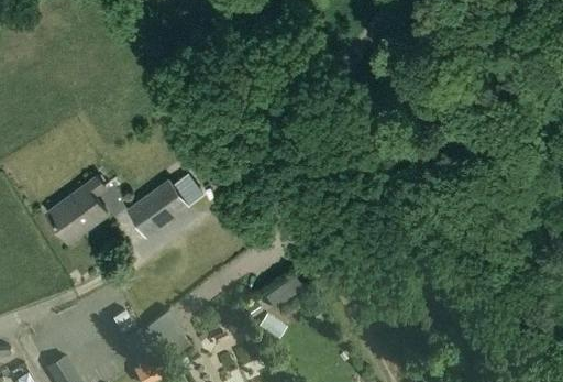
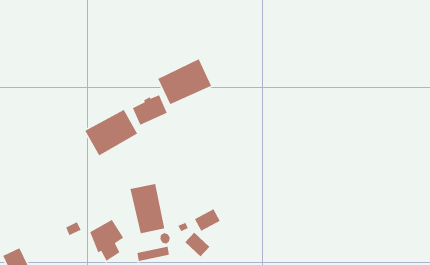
building: none -> [157,58,212,105]
building: [47,175,108,242] -> none
building: none -> [130,183,165,234]

